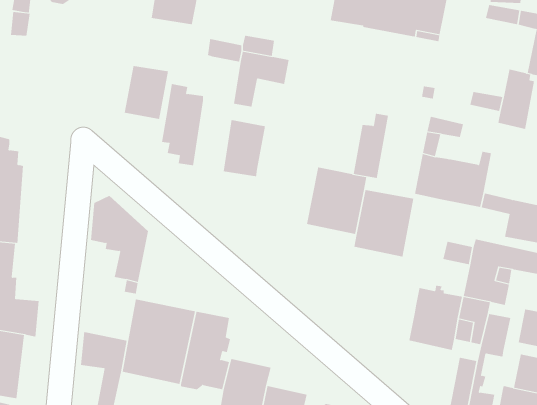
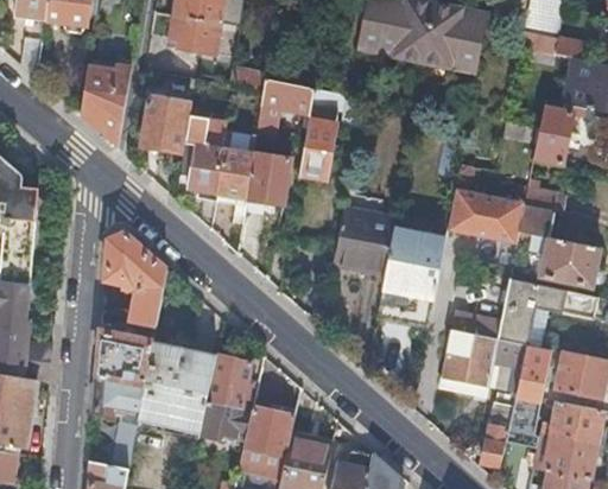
building: none -> [78,59,131,146]
building: none -> [214,132,255,207]
building: [353,113,389,179] -> [299,109,337,178]
building: none -> [520,179,568,236]
building: none -> [97,330,152,385]

